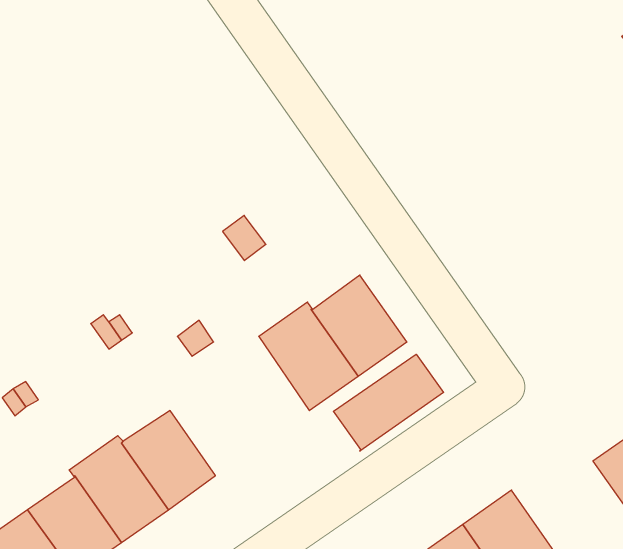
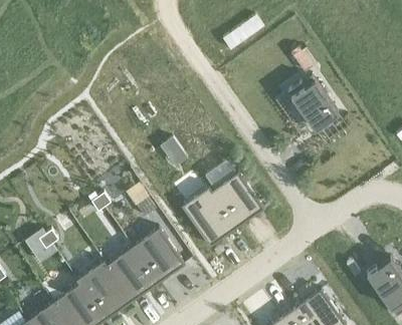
building: none -> [287,74,337,128]
building: [333,354,444,451] -> none
building: none -> [131,226,183,281]

